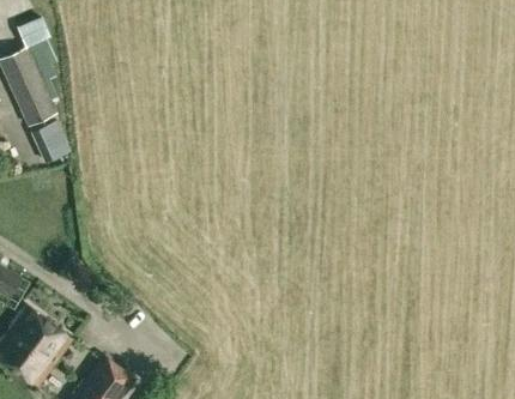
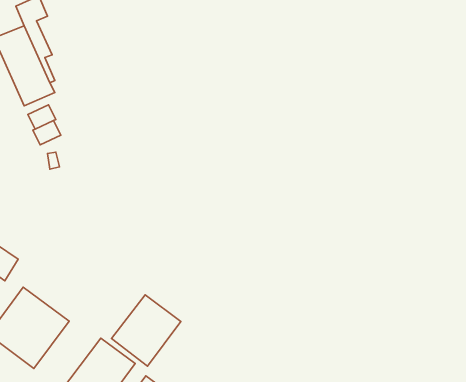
building: none -> [111,295,181,366]

